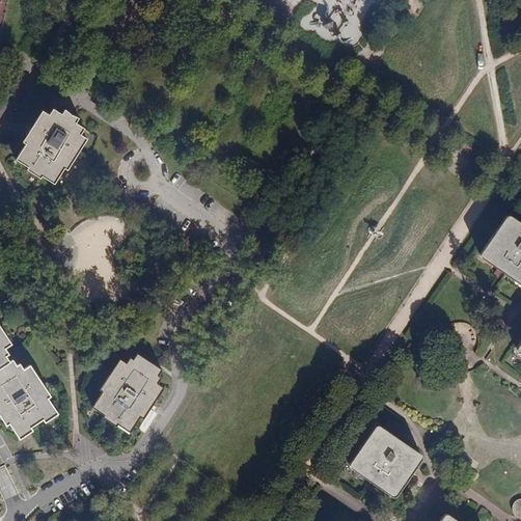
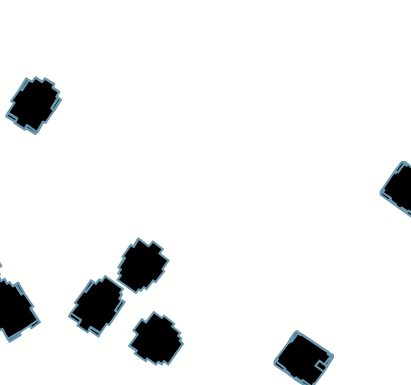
building: none -> [117,238,168,293]
building: none -> [129,312,183,365]

